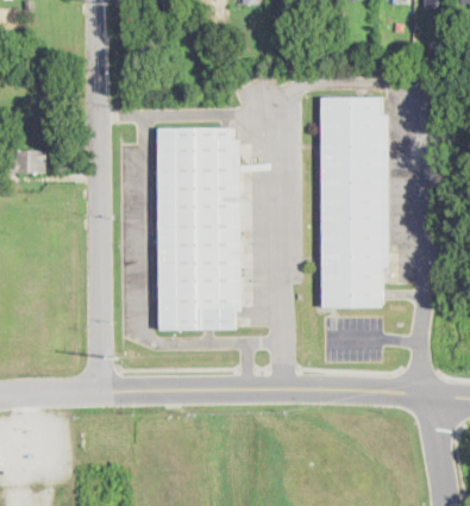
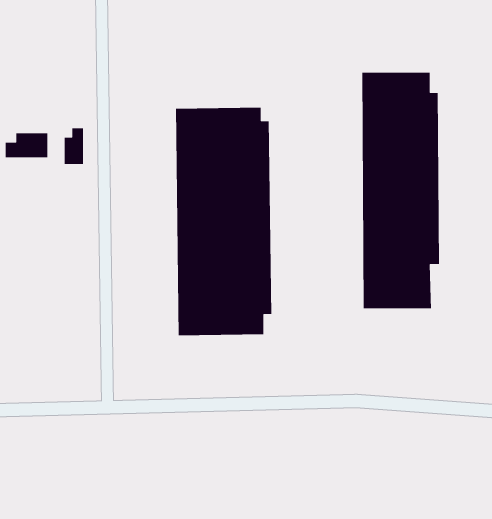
building: none -> [64,128,84,165]

